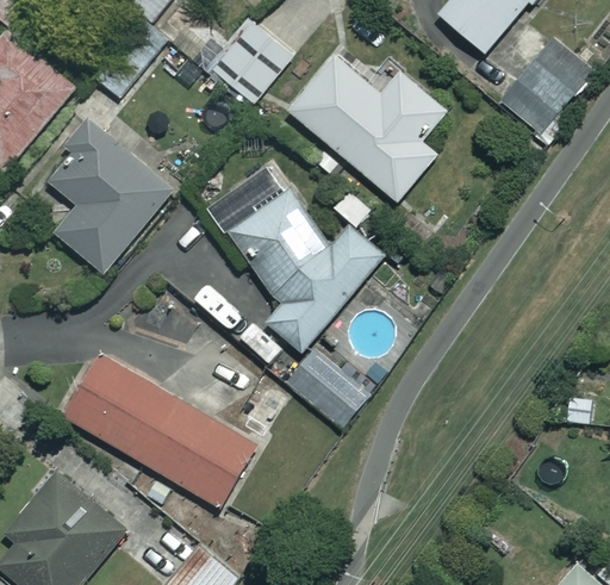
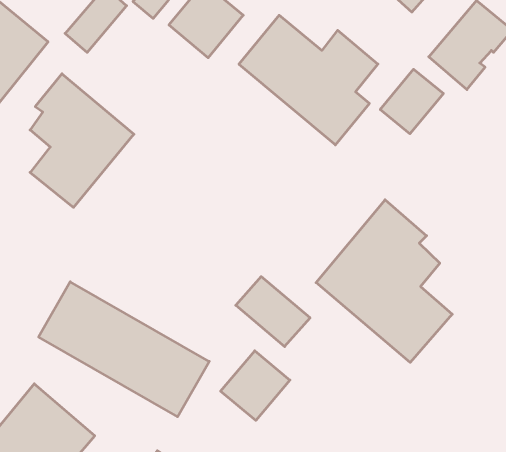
building: none -> [380,69,443,134]
building: [208,164,386,351] -> none
building: none -> [316,200,452,362]
building: none -> [221,351,290,420]

